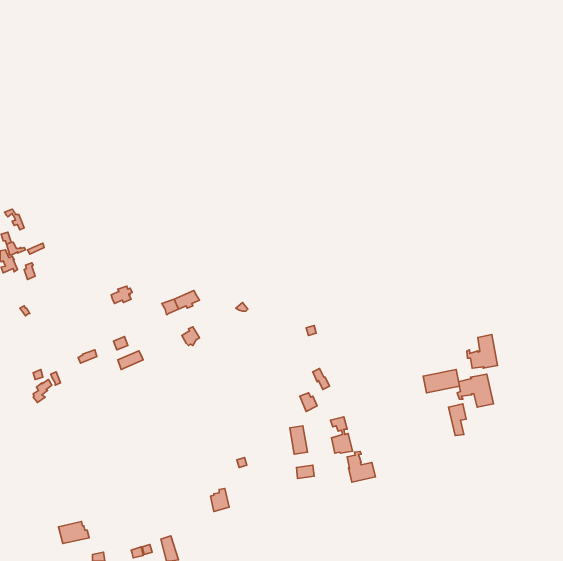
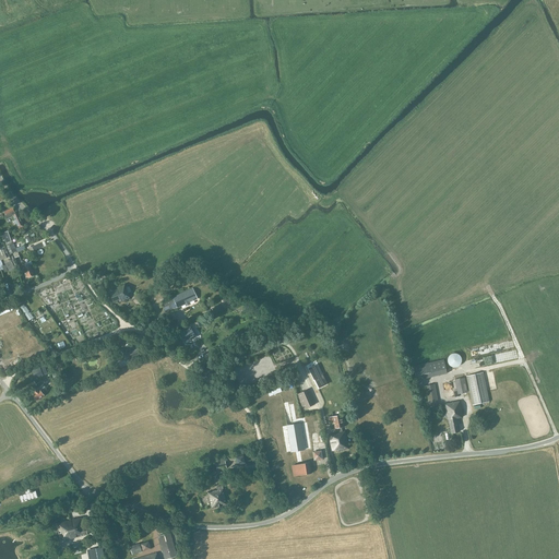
building: [467,335,497,368] -> none
building: [347,451,375,482] -> none

